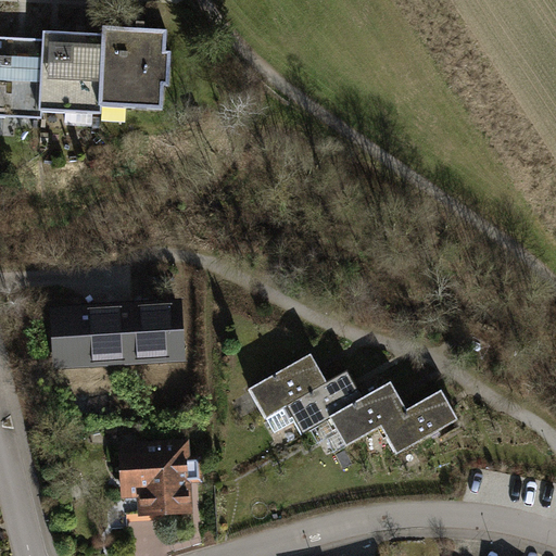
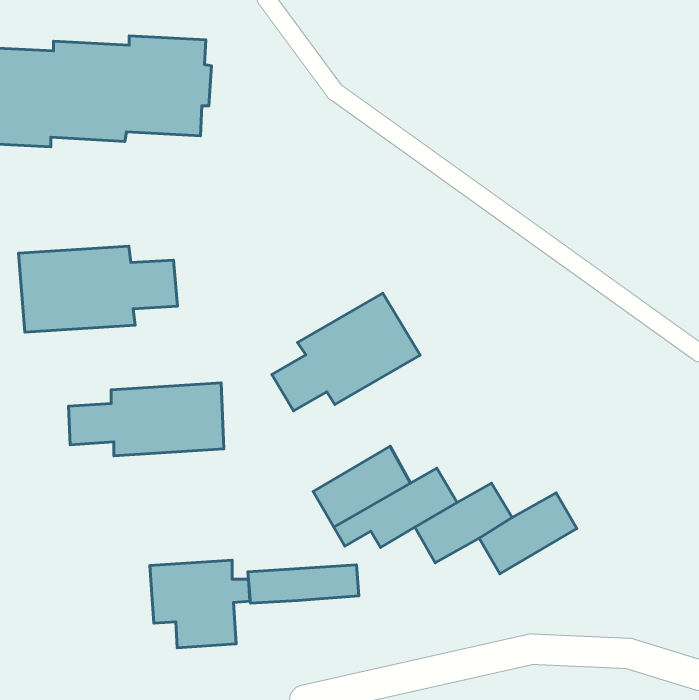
building: none -> [18,246,177,332]
building: none -> [272,293,420,411]
building: none -> [248,565,359,603]

